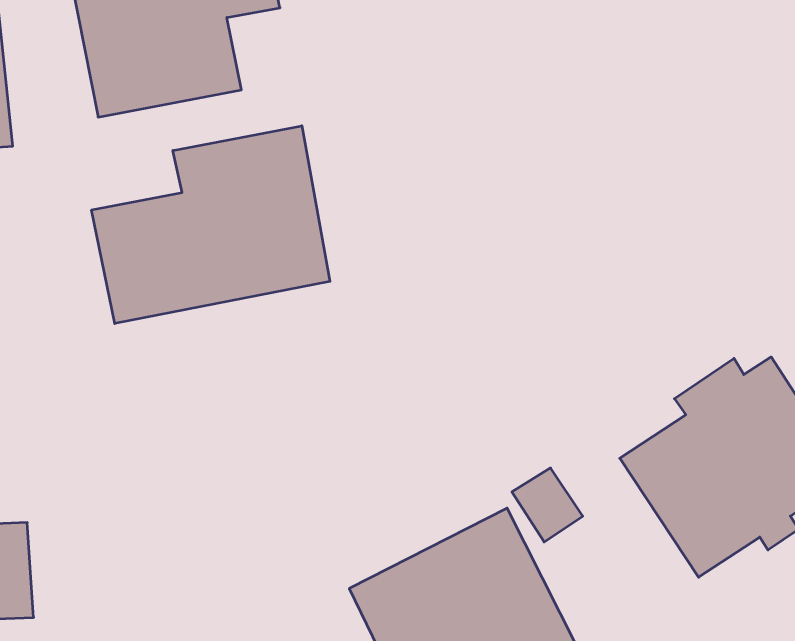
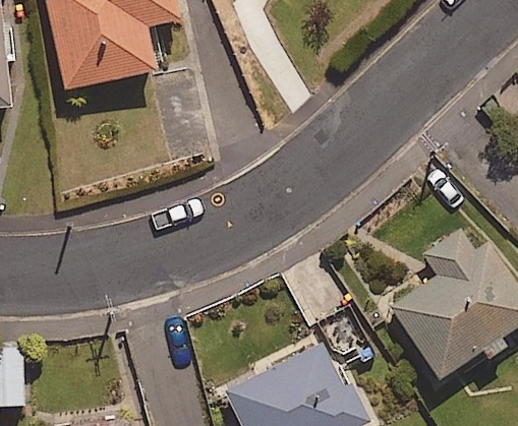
building: [92,126,330,324] -> none

